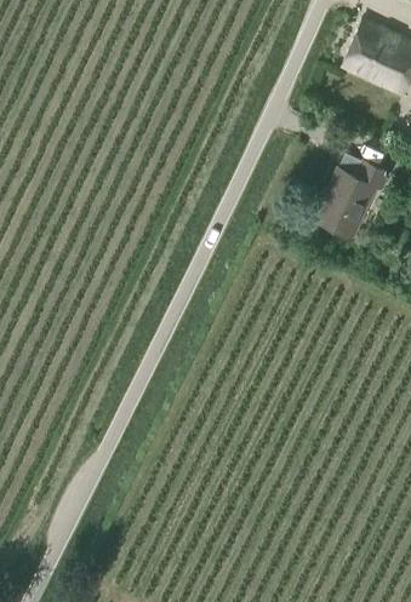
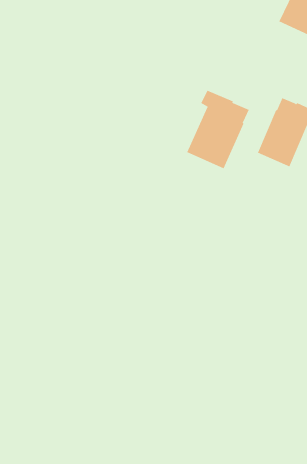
building: none -> [186,90,249,169]

